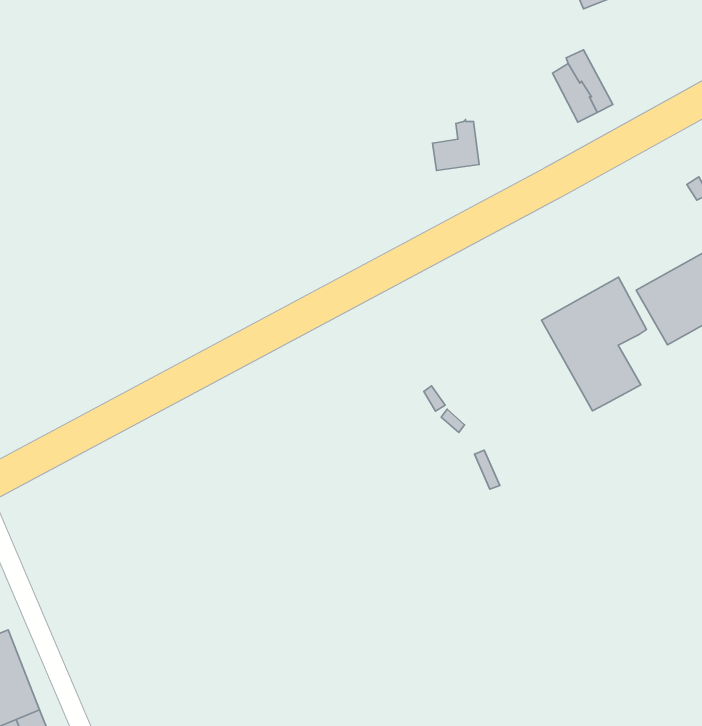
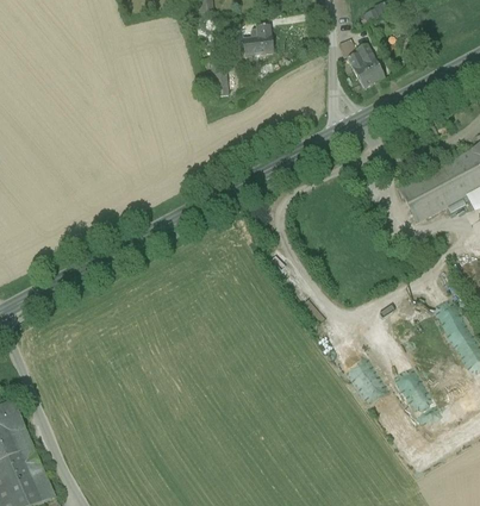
building: [432,120,479,170] -> [244,24,273,55]
building: [541,277,646,411] -> none

